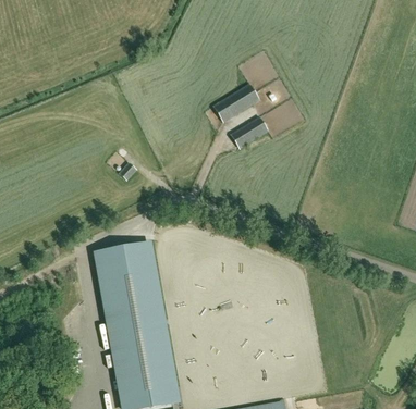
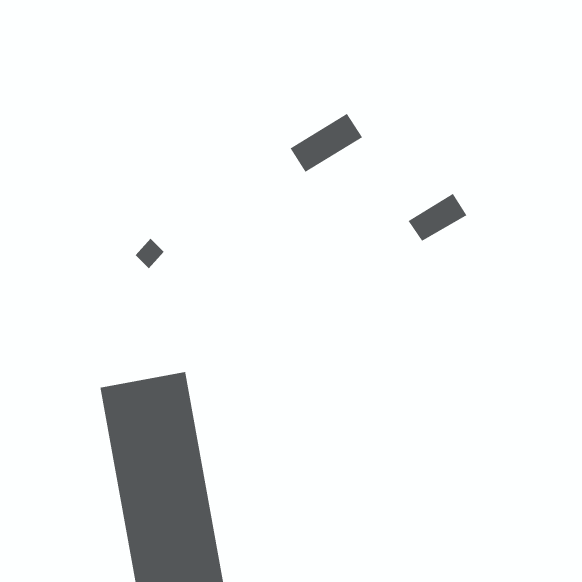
building: [231,116,268,147] -> [408,193,467,242]

